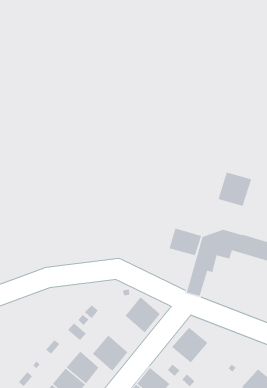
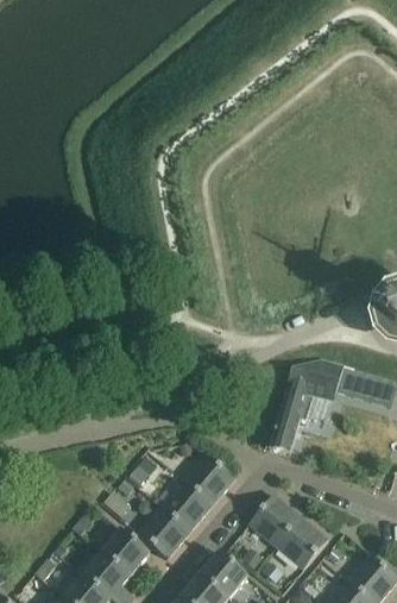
building: [217,171,252,207] -> none
building: [169,227,202,256] -> none
building: none -> [160,482,212,533]
building: none -> [276,520,328,572]

